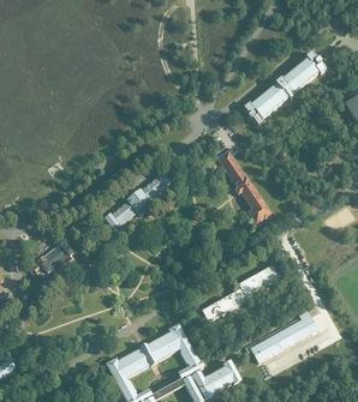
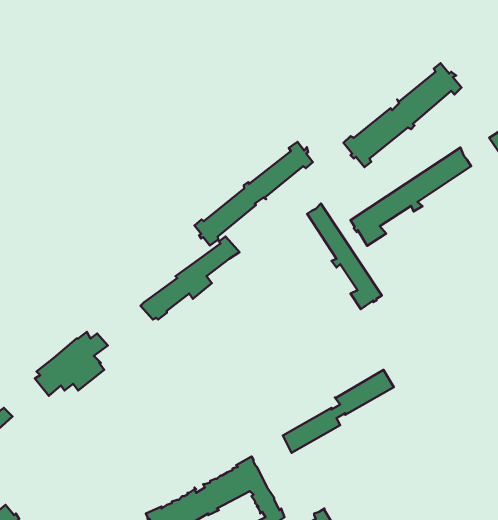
building: none -> [195,142,313,245]
building: none -> [350,148,471,246]
building: [244,310,317,361] -> none

